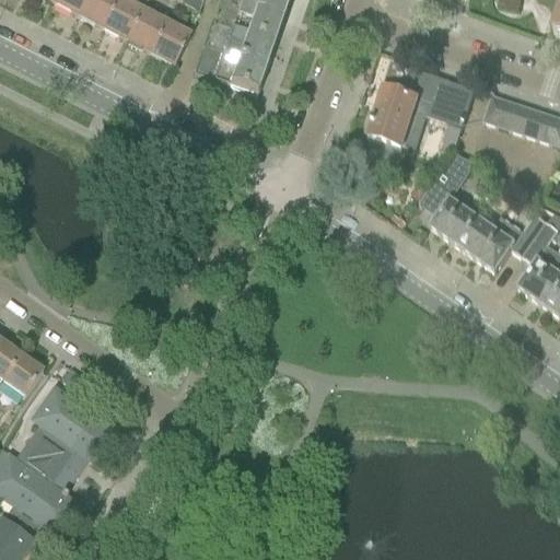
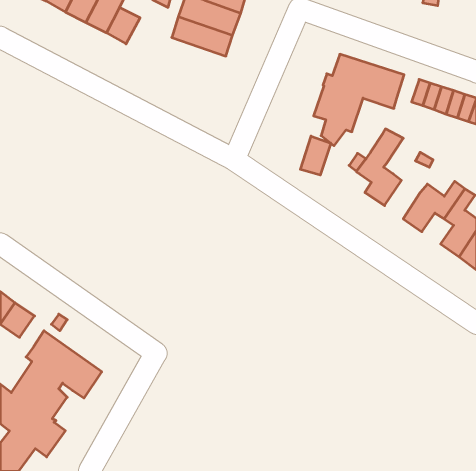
building: [149,21,189,63] -> none
building: [194,44,266,92] -> none
building: none -> [300,136,331,175]
building: [452,211,493,256] -> none

